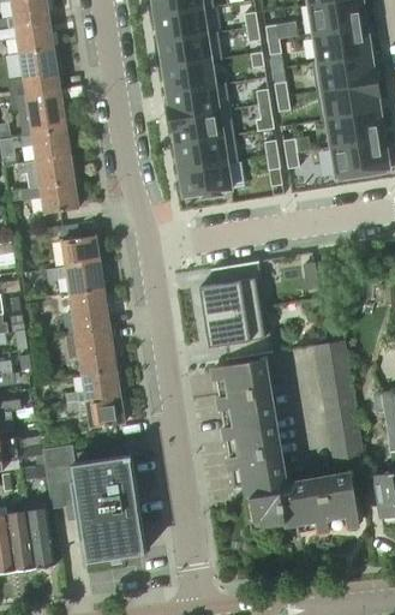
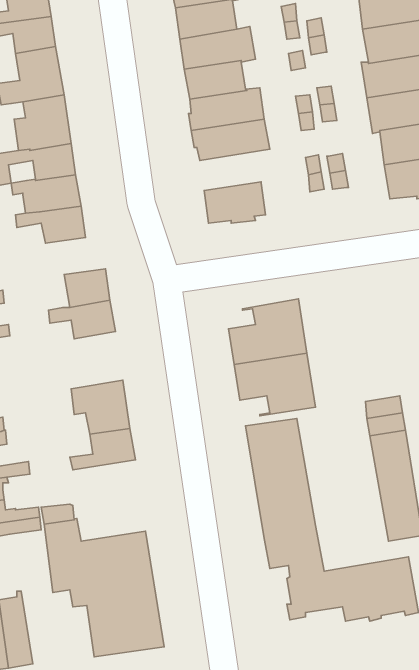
building: [175,133,238,168] -> none
building: [65,287,110,335] -> none
building: [68,395,125,428] -> none
building: [25,502,55,567] -> none

